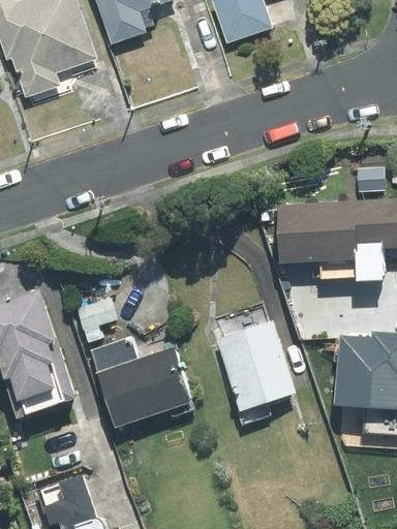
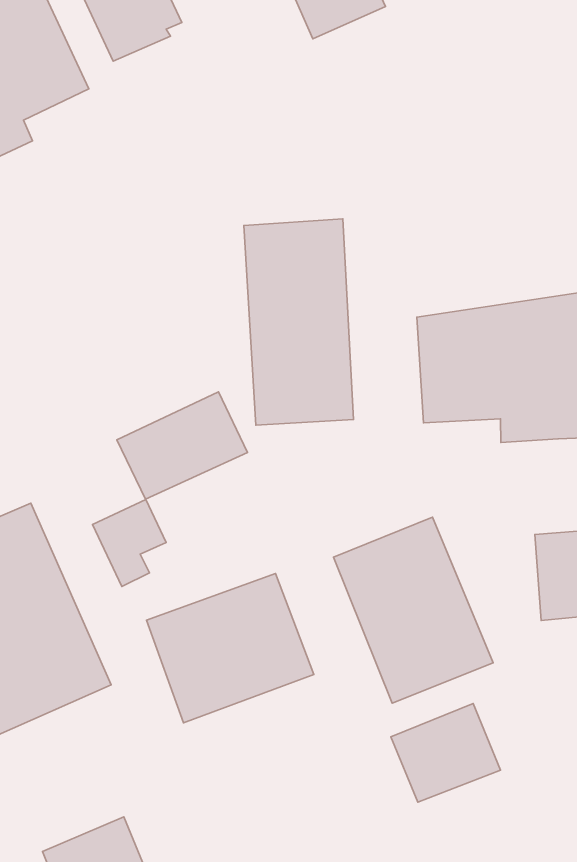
building: none -> [244,219,353,425]
building: none -> [117,392,248,499]
building: none -> [391,703,501,802]

